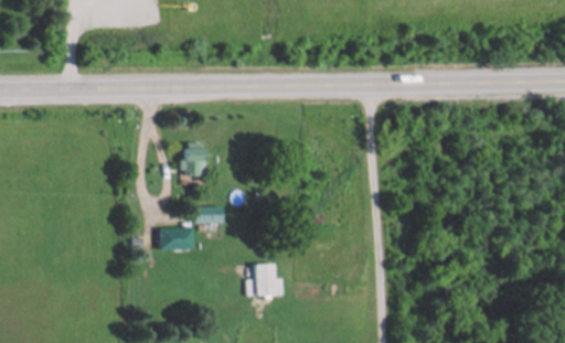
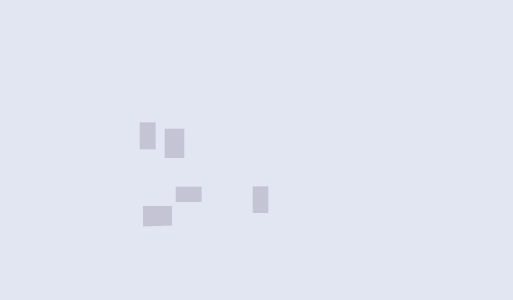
building: none -> [139,121,156,150]
building: [256,266,275,296] -> [252,186,269,213]

